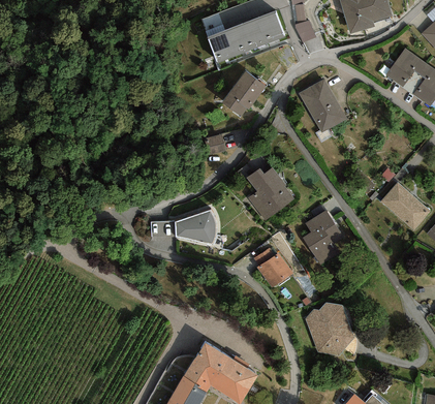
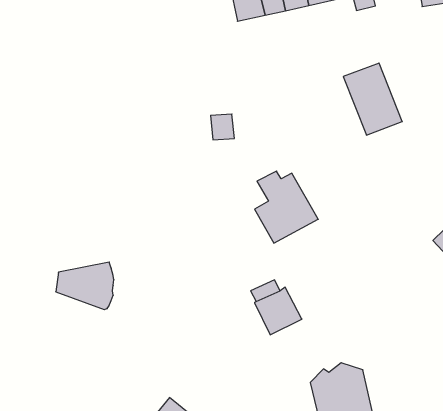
building: [222,70,266,116] -> none
building: [175,209,217,244] -> [56,262,114,310]
building: [302,210,342,266] -> none

